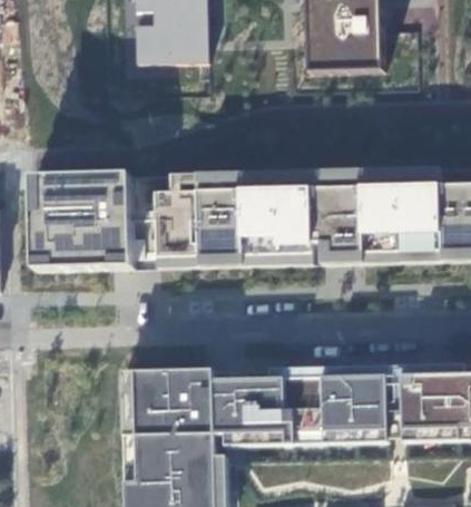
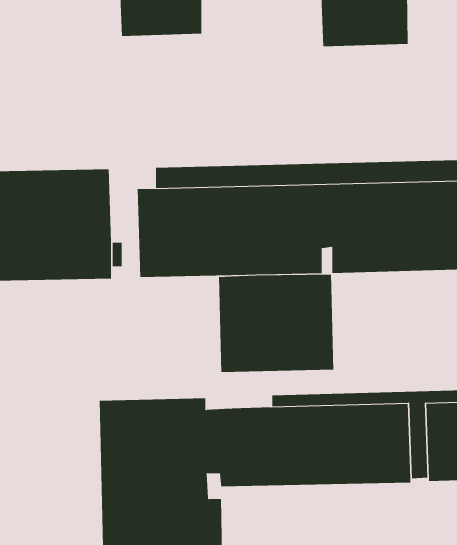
building: none -> [218,274,334,373]

